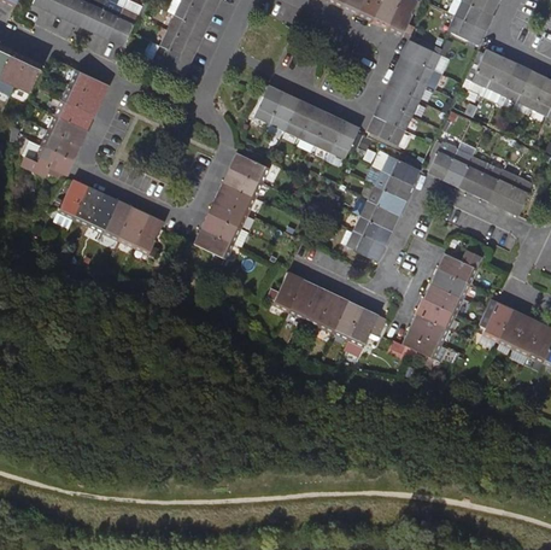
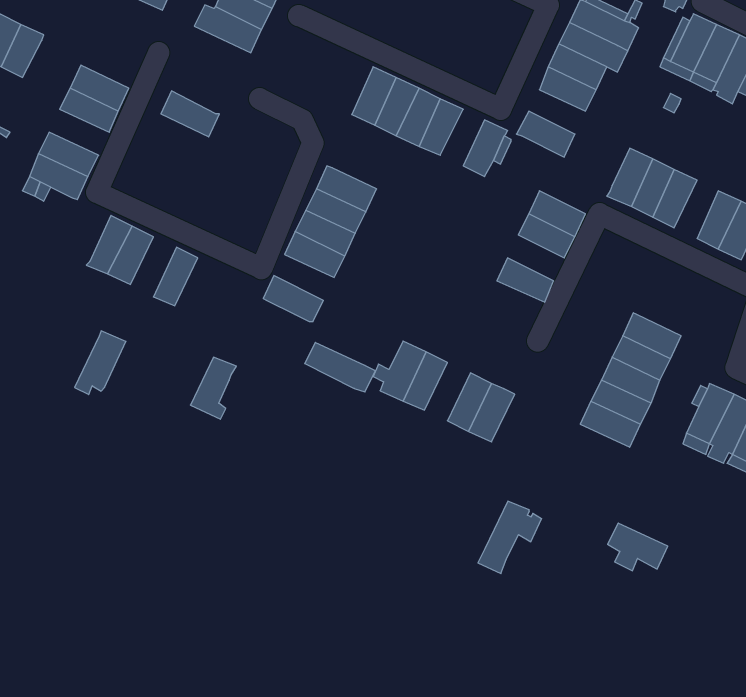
building: [69,68,109,99] -> [161,91,219,137]
building: [374,100,412,130] -> none
building: [47,113,88,145] -> none
building: [313,113,344,152] -> none
building: [381,154,421,185] -> none
building: [473,162,503,201] -> none
building: [54,179,89,222] -> [75,331,126,395]
building: [359,199,398,230] -> none
building: [102,200,134,241] -> none
building: [200,212,248,246] -> [305,342,376,392]
building: [133,215,164,257] -> [190,357,236,419]
building: [341,229,385,259] -> none
building: [303,286,334,326] -> none
building: [344,308,387,357] -> [478,501,542,574]
building: [401,328,442,361] -> [608,523,668,571]

